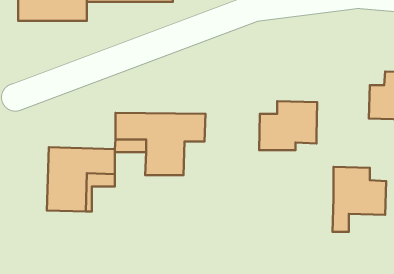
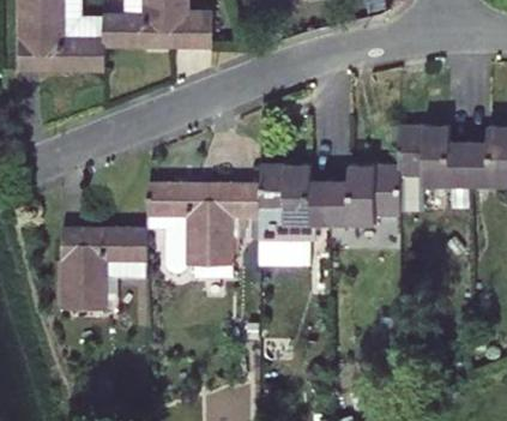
building: none -> [260,164,330,255]
building: [333,167,386,232] -> [400,127,467,209]

